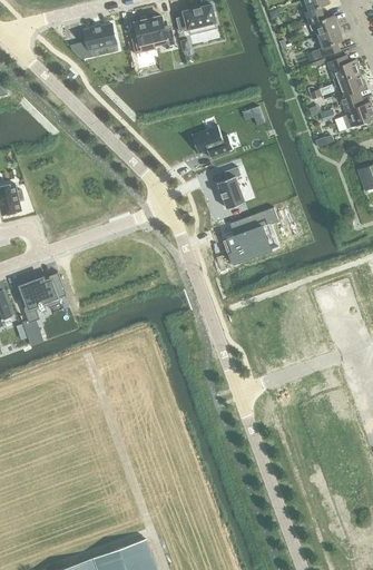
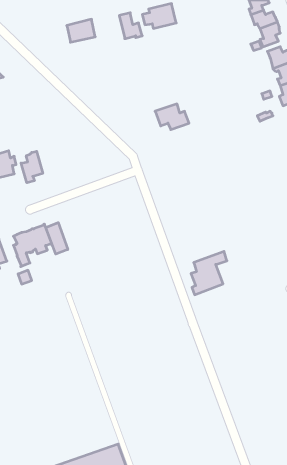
building: [130,17,155,53] -> none
building: [216,167,244,208] -> none
building: none -> [21,151,43,183]
building: [233,205,276,257] -> [191,251,227,295]
building: none -> [46,223,68,254]

